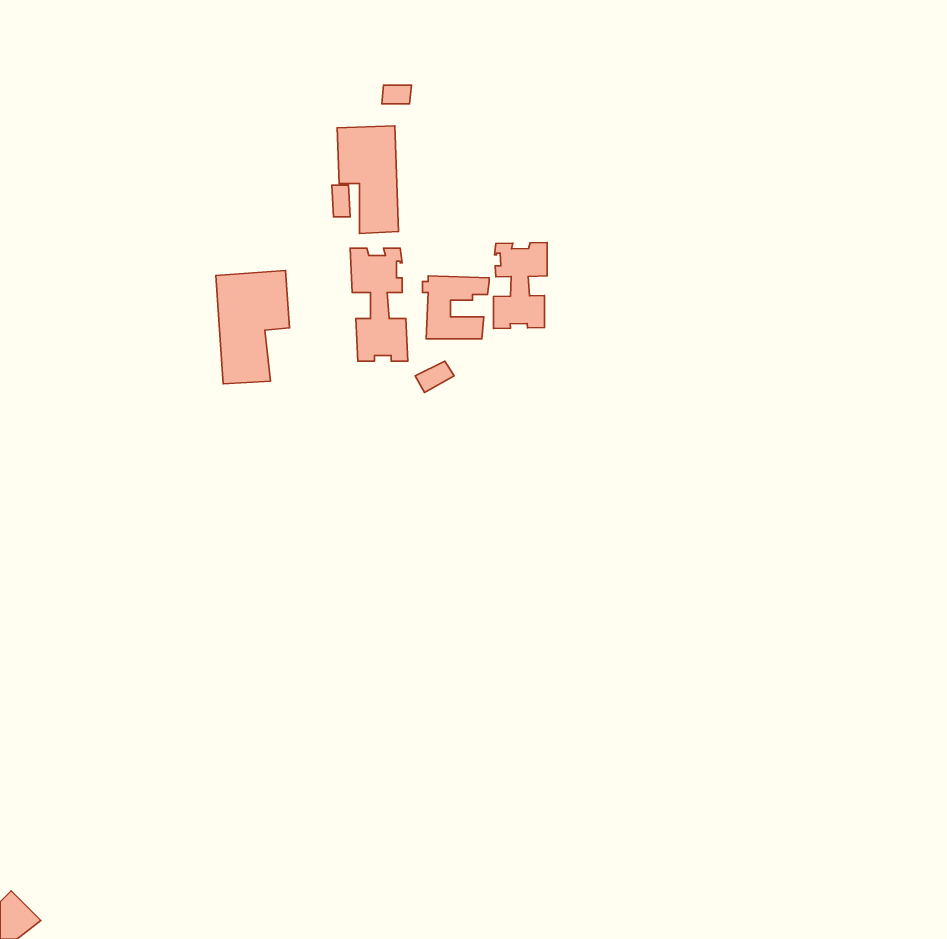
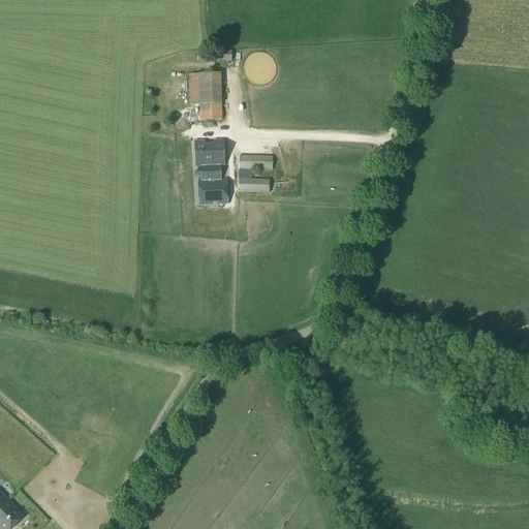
building: [493,243,547,328] -> none
building: [216,271,289,384] -> none

